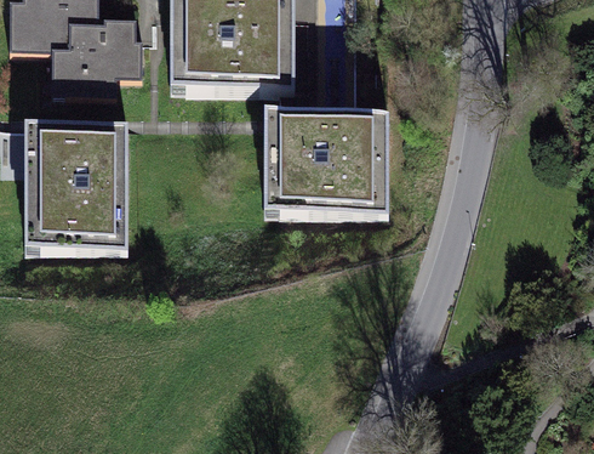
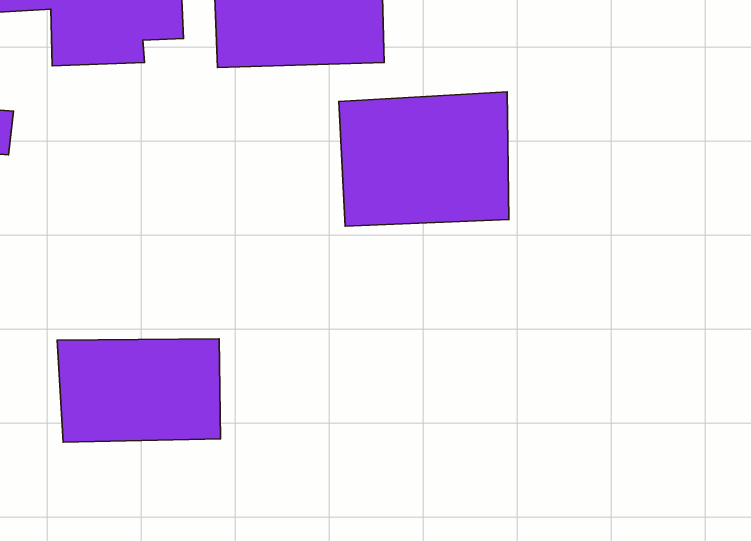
building: [25,125,128,248] -> none
building: none -> [57,339,220,442]

